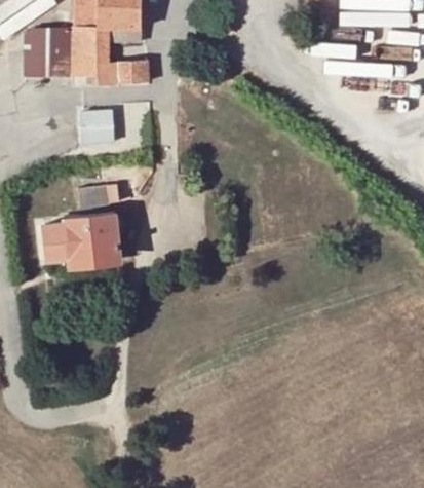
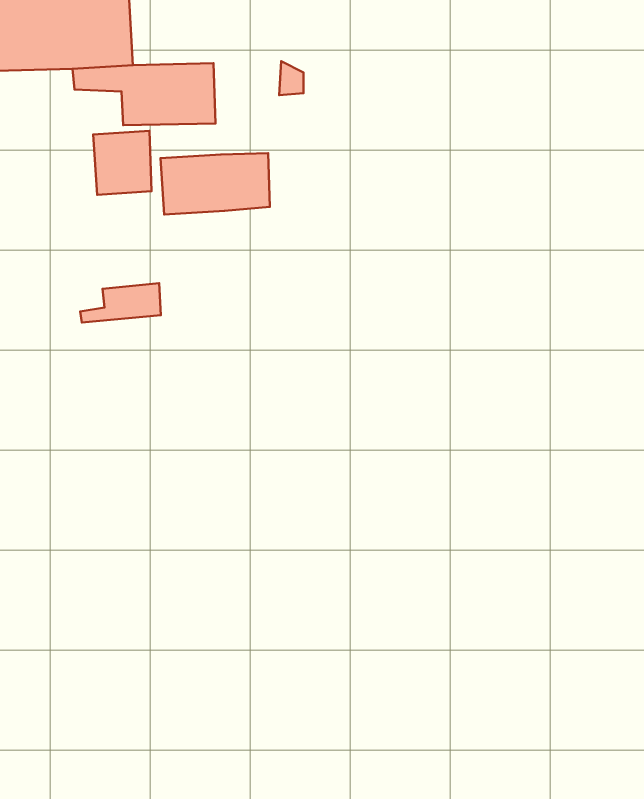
building: none -> [161,153,270,215]
building: [44,217,117,267] -> none

